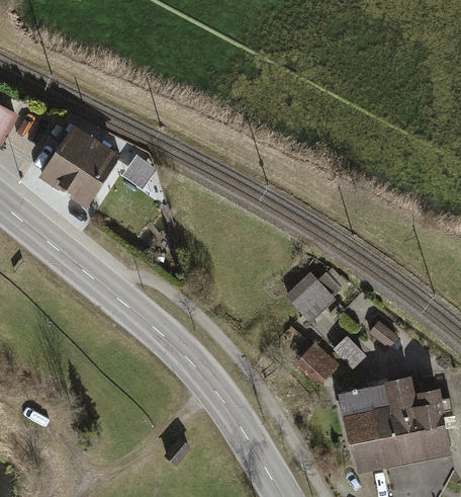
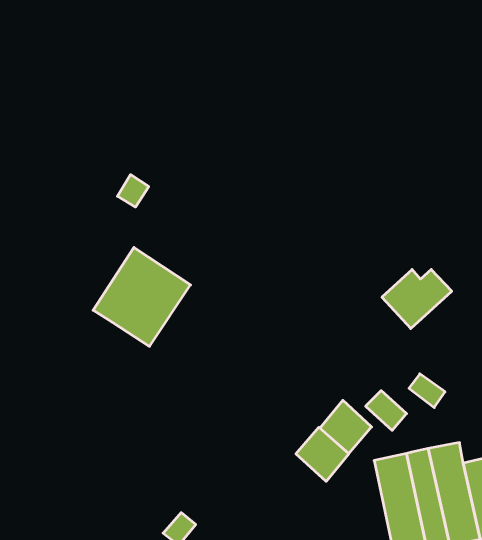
building: [39,125,121,208] -> [93,247,191,346]
building: [284,271,343,321] -> [382,269,452,329]
building: none -> [296,427,349,481]

